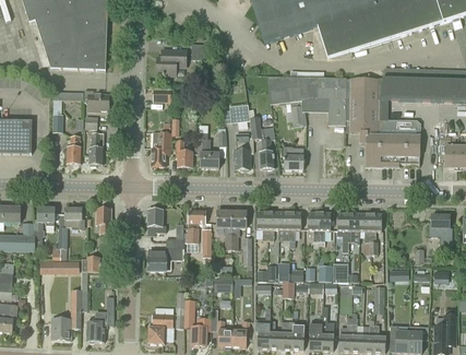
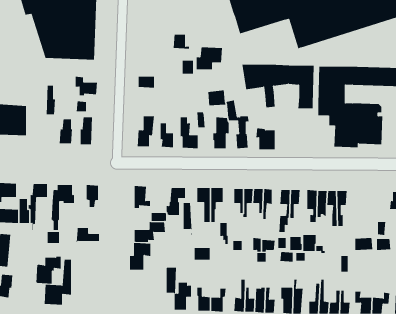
building: [157,49,187,74] -> [196,47,223,70]
building: [85,311,113,342] -> [36,256,62,284]
building: [148,312,172,343] -> [129,242,151,270]

